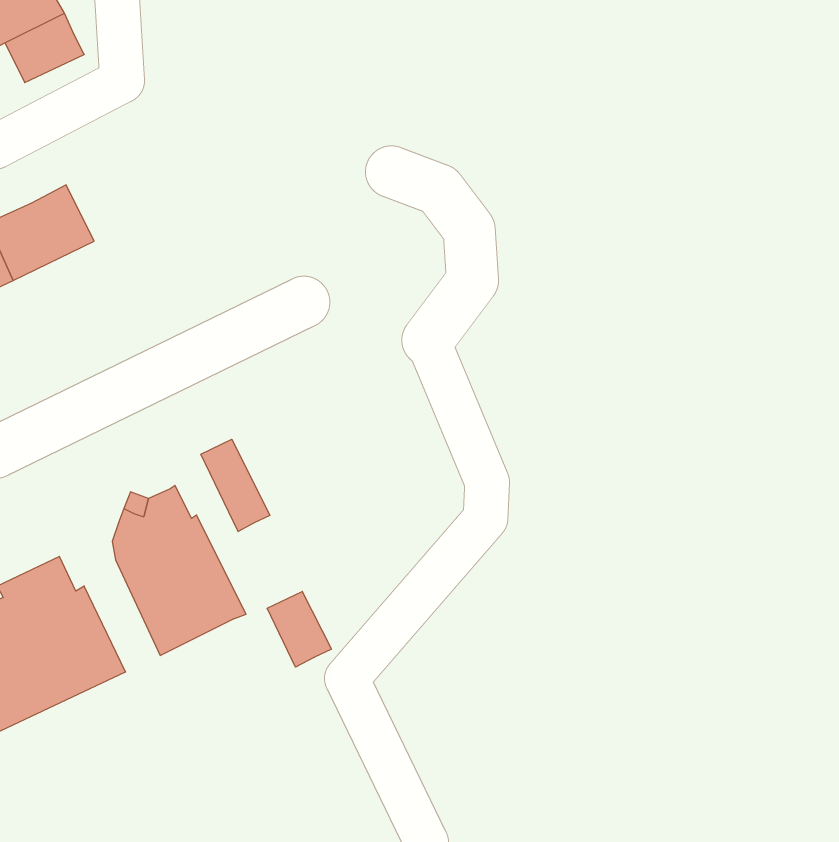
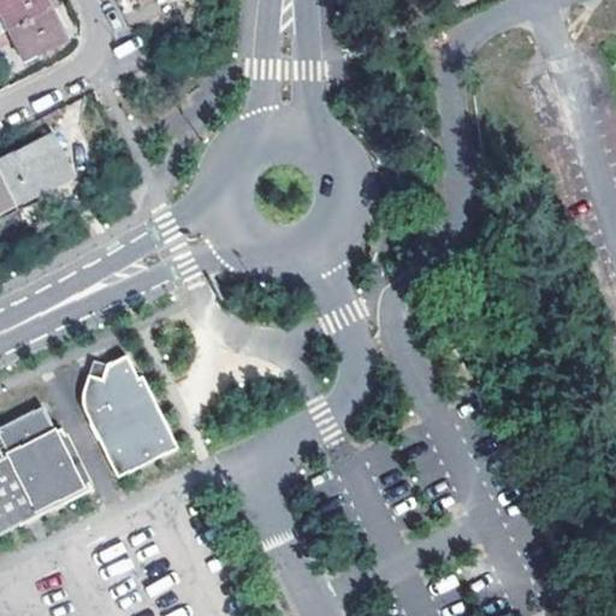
building: [201,439,270,532] -> none
building: [267,591,331,667] -> none

